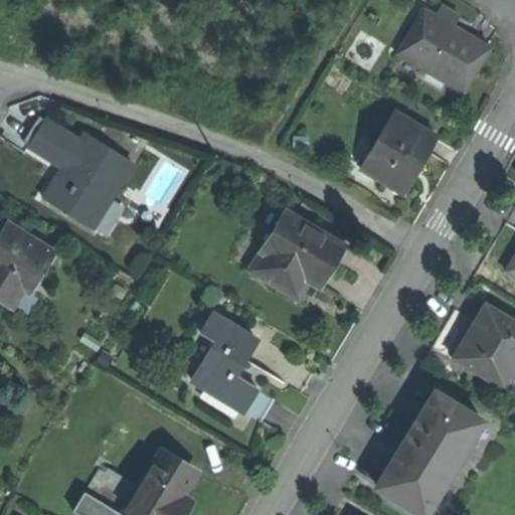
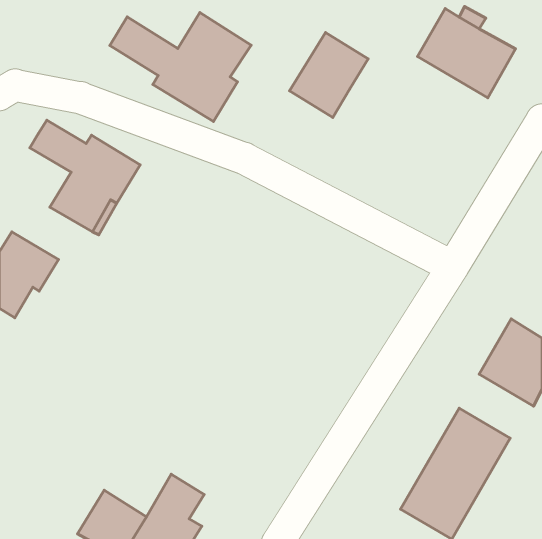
building: none -> [110,12,251,121]
building: [362,113,437,193] -> [289,32,368,117]
building: [252,213,344,298] -> none
building: [193,314,260,413] -> none

